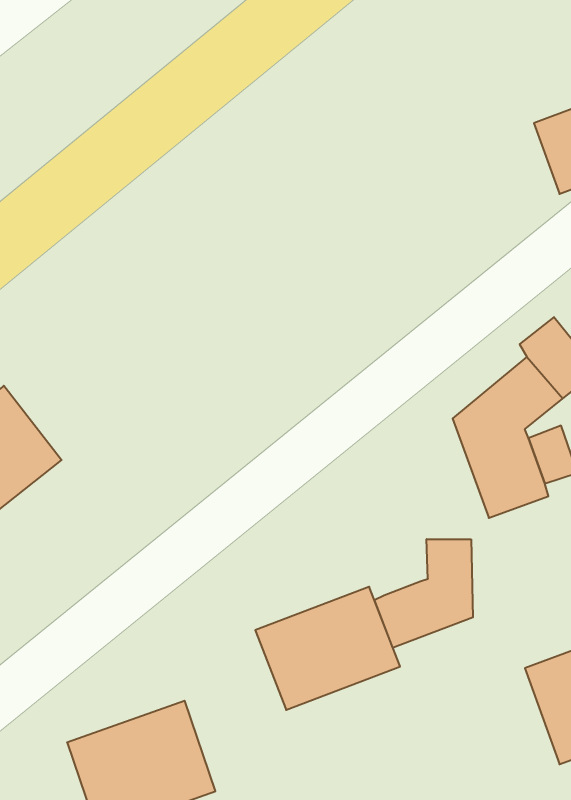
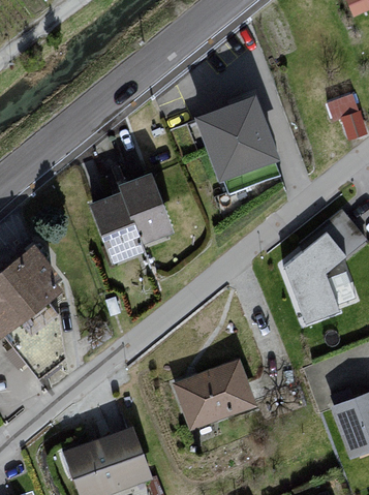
building: none -> [195,93,279,178]
building: none -> [84,176,167,268]
building: [375,539,473,648] -> none

